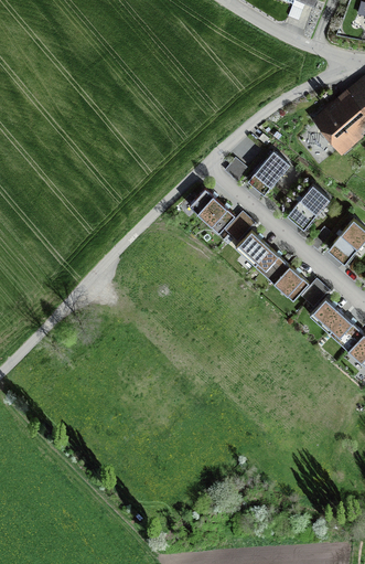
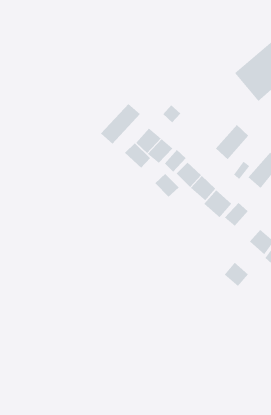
building: [248,151,291,196] -> none
building: none -> [100,103,141,144]
building: none -> [124,142,151,169]
building: none -> [154,173,180,197]
building: [312,299,343,330] -> [224,262,249,287]

